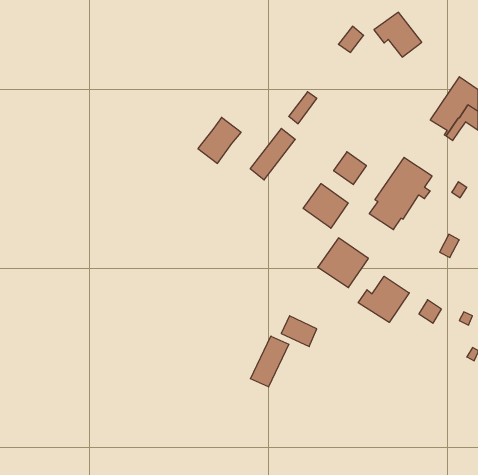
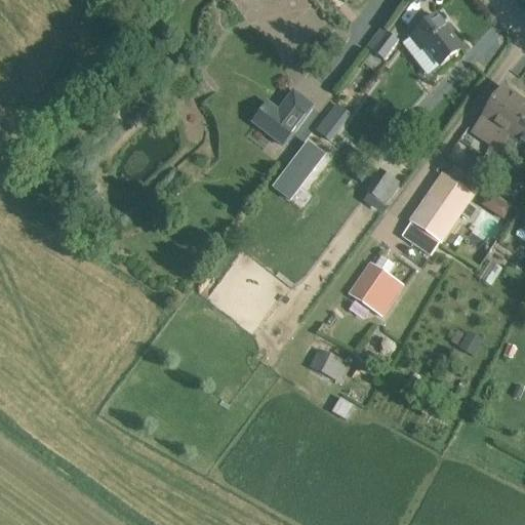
building: [198,117,241,163] -> [261,93,309,144]
building: [303,184,348,228] -> none
building: [358,276,409,322] -> none
building: [251,336,289,387] -> none

